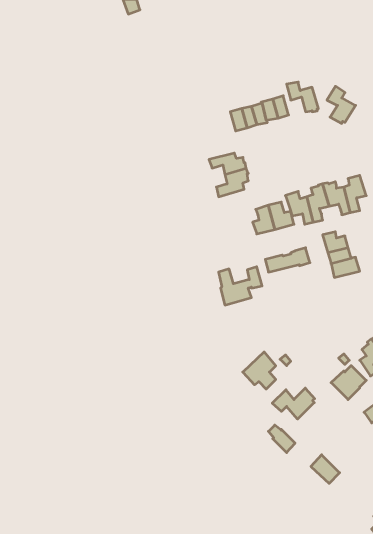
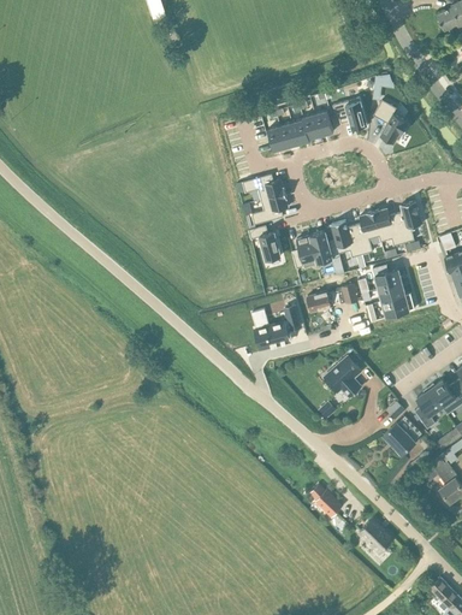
building: none -> [249,225,280,260]
building: [243,352,276,389] -> [322,355,360,397]
building: [272,388,315,419] -> none

